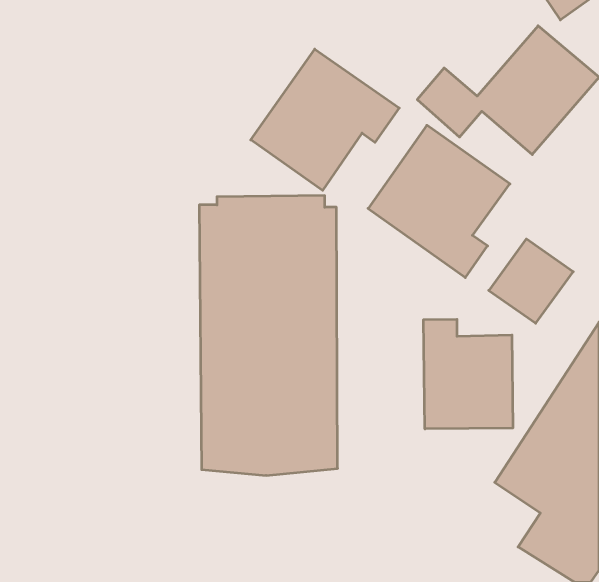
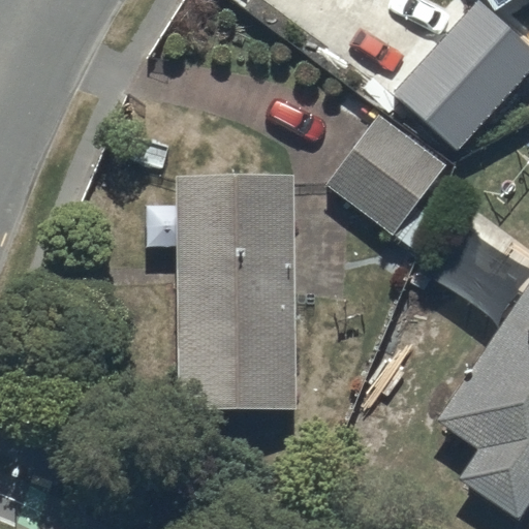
building: [251,49,399,190] -> none
building: [424,319,513,429] -> none

